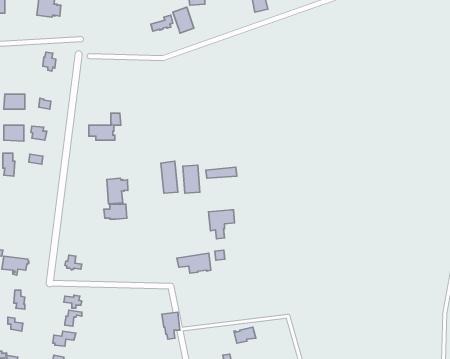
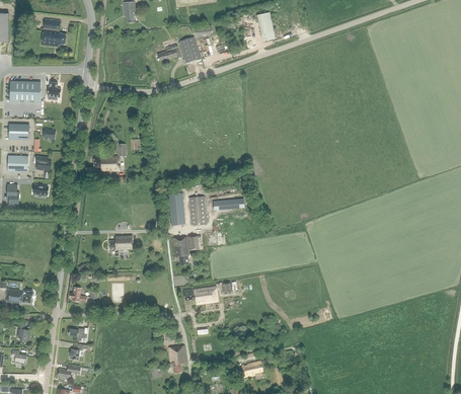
building: none -> [8,80,40,102]
building: [107,178,128,204] -> none
building: [209,210,235,239] -> [171,235,198,264]

